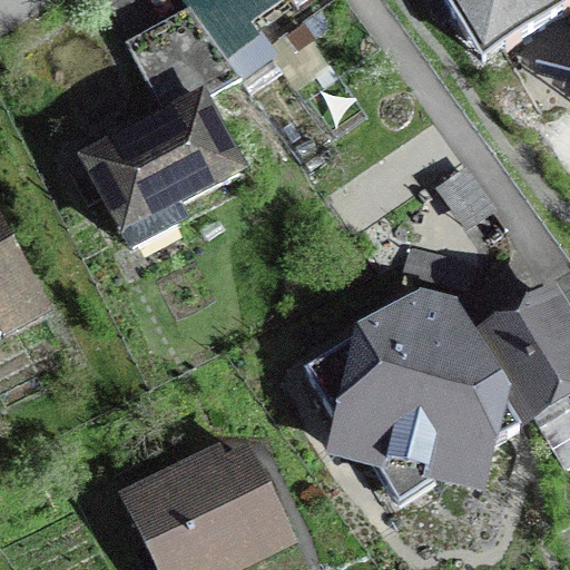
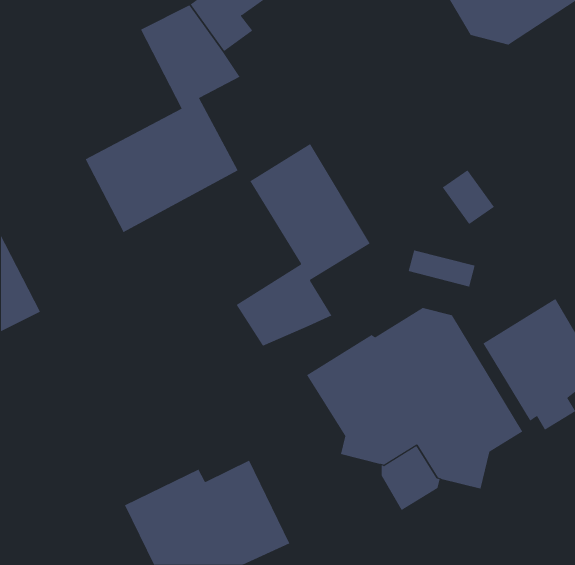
building: none -> [236,143,371,347]

